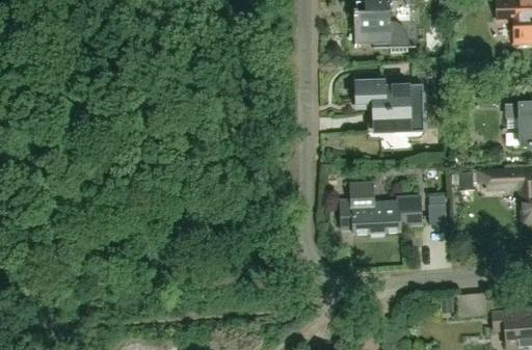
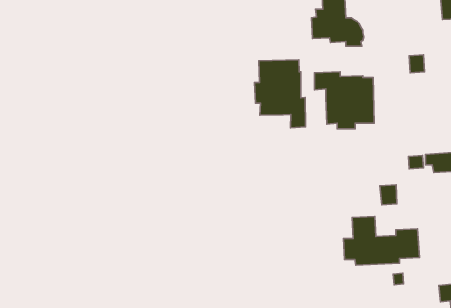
building: none -> [255,60,305,128]
building: [339,180,422,233] -> [344,217,419,265]

